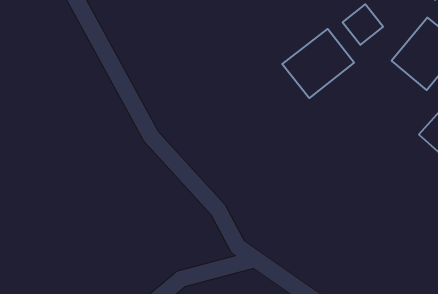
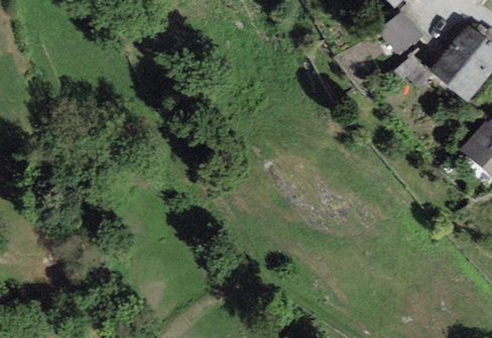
building: [282,29,354,98] -> none

